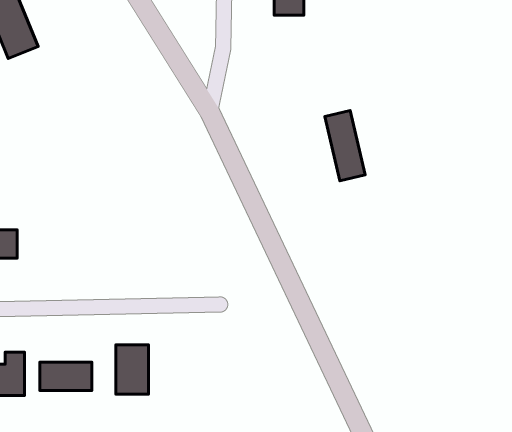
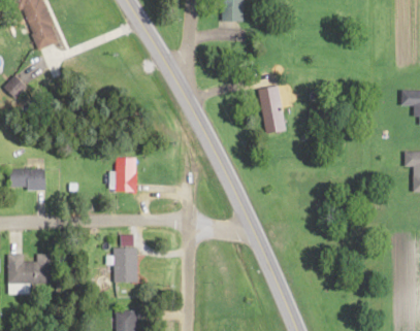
building: none -> [116,159,136,193]
building: [40,362,92,391] -> none

